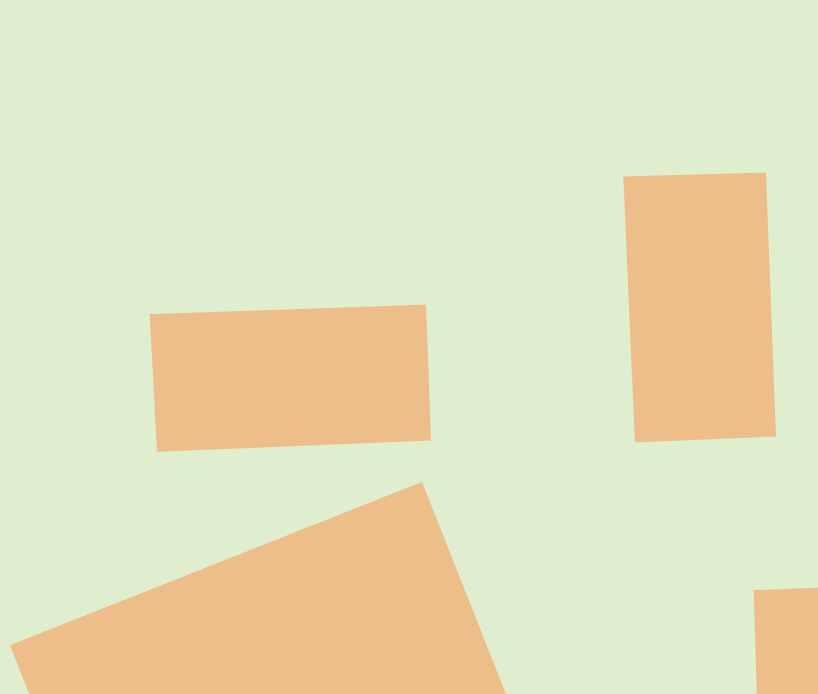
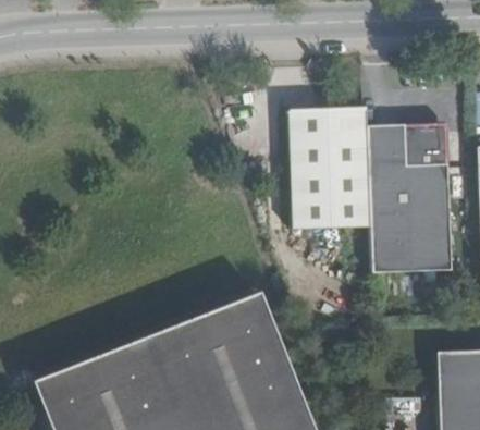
building: none -> [292,105,373,223]
building: [149,304,432,452] -> none

